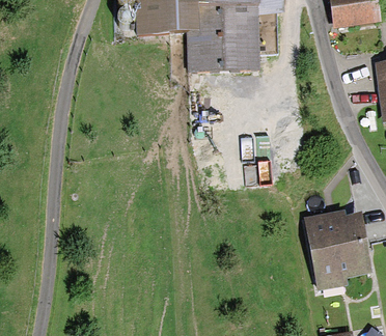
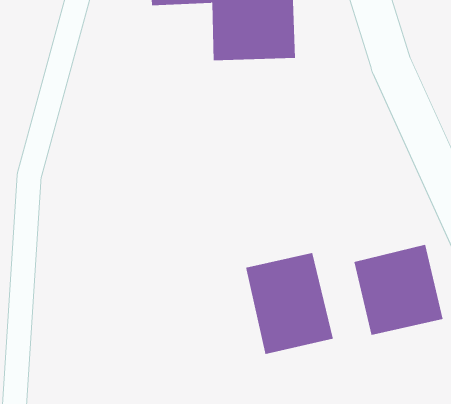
building: none -> [245,252,334,355]

